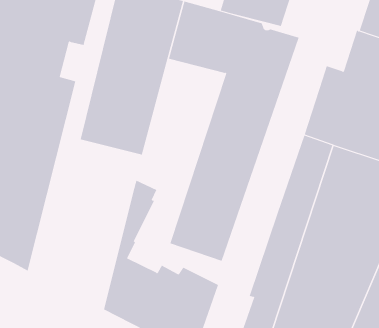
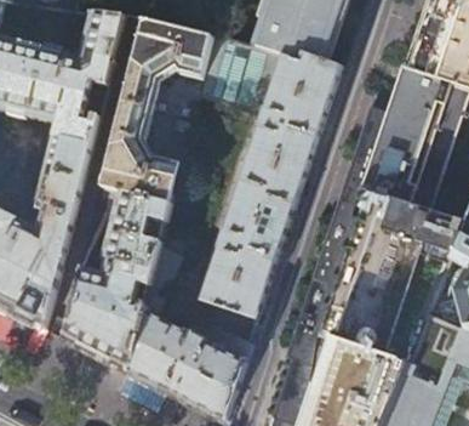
building: none -> [64,183,171,368]

